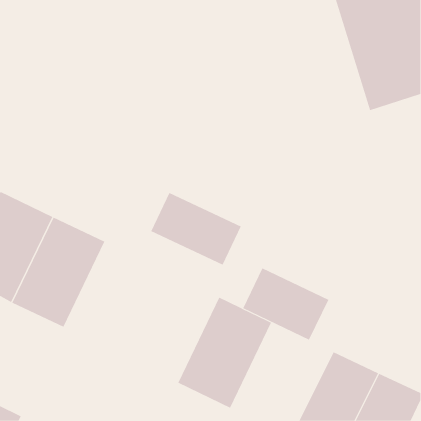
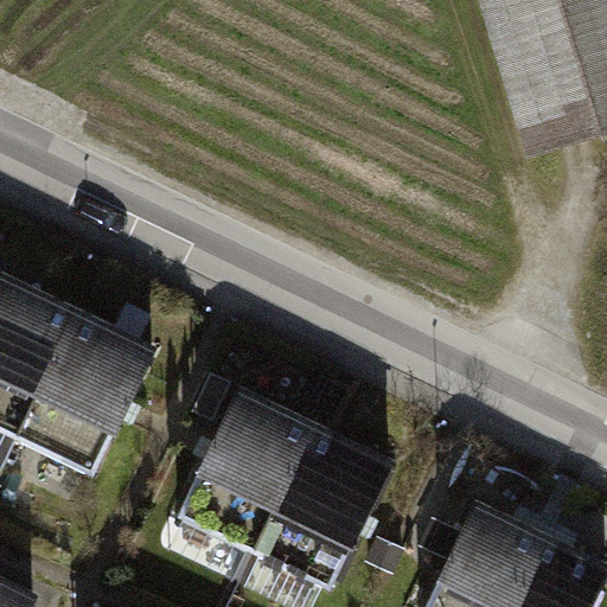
building: [151,192,241,265] -> none
building: [242,267,329,340] -> none
building: none -> [179,390,313,549]

